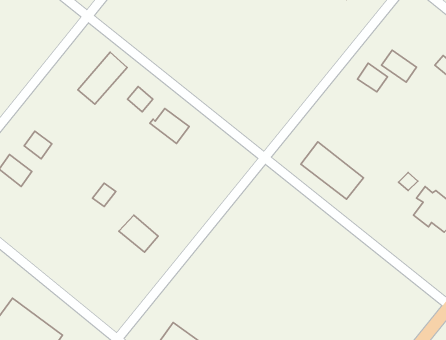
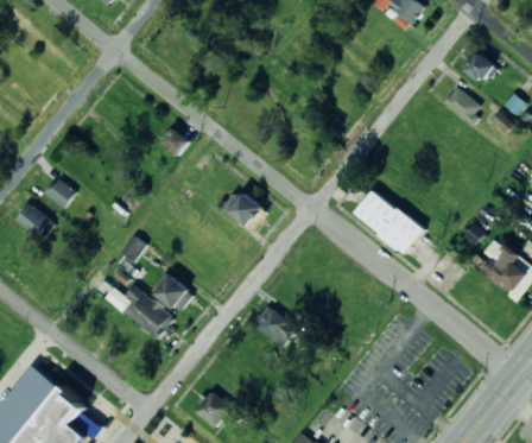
building: [78,52,127,104] -> none
building: [358,63,387,92] -> [461,50,494,82]
building: [150,108,189,144] -> [218,189,262,228]
building: none -> [104,284,175,338]
building: none -> [252,305,296,346]

